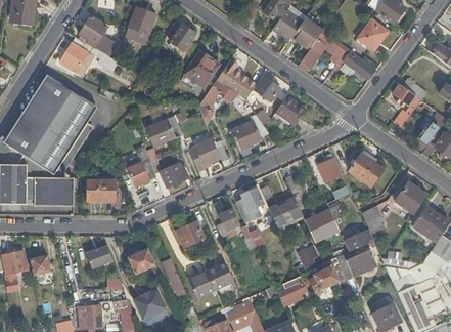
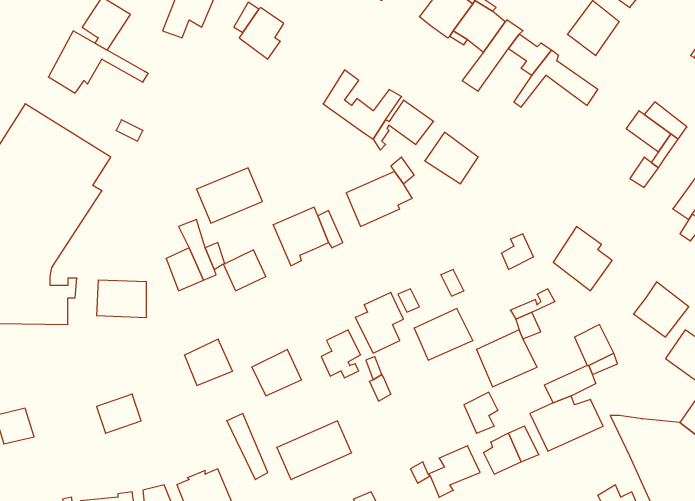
building: [184,52,219,88] -> none
building: [198,79,238,111] -> none
building: [128,247,155,274] -> [184,339,233,385]

